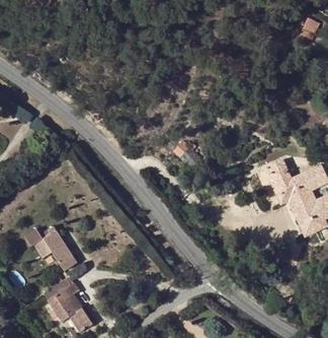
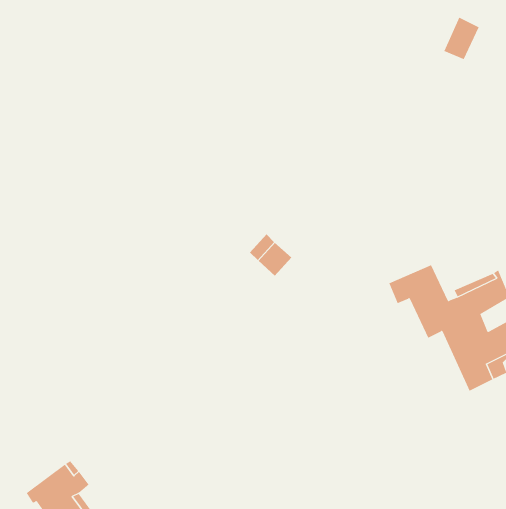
building: [34,227,78,271] -> none

